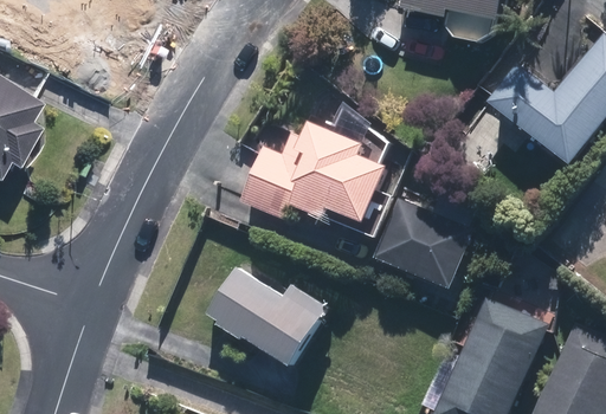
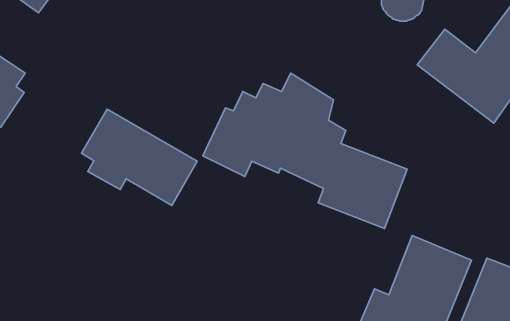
building: none -> [81,109,197,206]
building: [207,265,334,364] -> none

